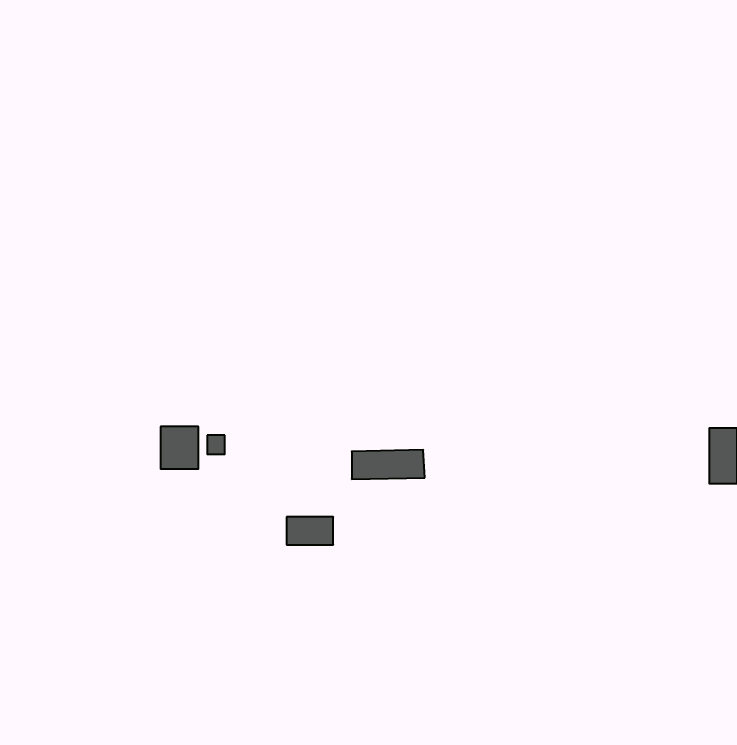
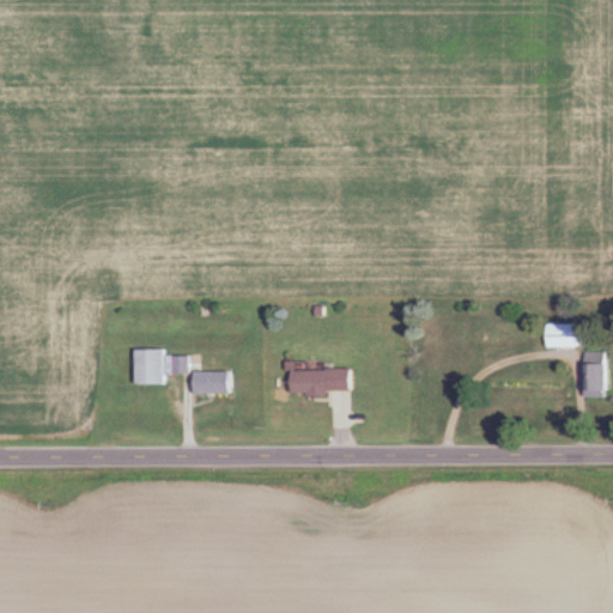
building: none -> [547,322,577,346]
building: [287,517,333,545] -> [190,371,229,394]

